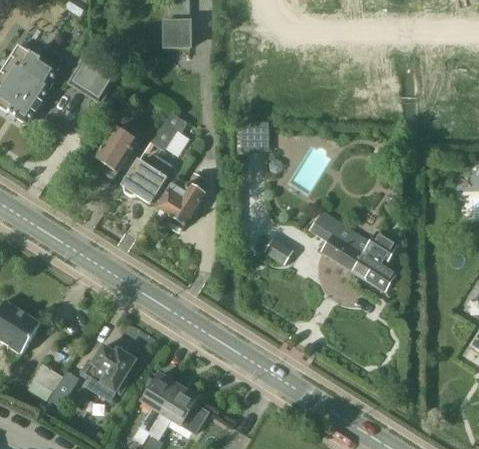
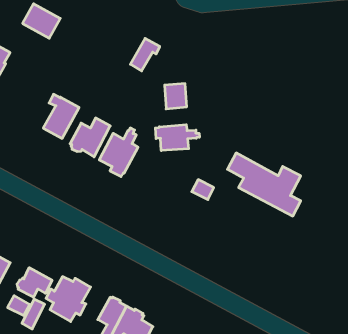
building: [163,22,189,48] -> none
building: [68,58,114,101] -> [23,4,60,38]
building: [150,112,187,151] -> [130,38,160,71]
building: none -> [155,125,199,151]
building: none -> [17,268,52,297]

